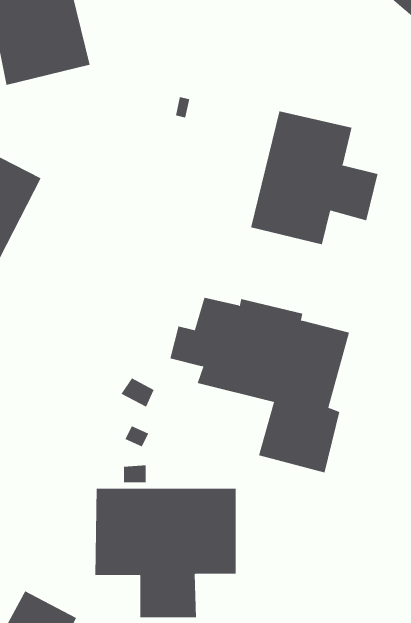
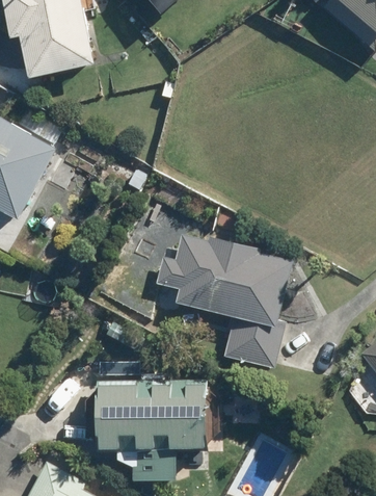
building: [251,111,378,245] -> none

